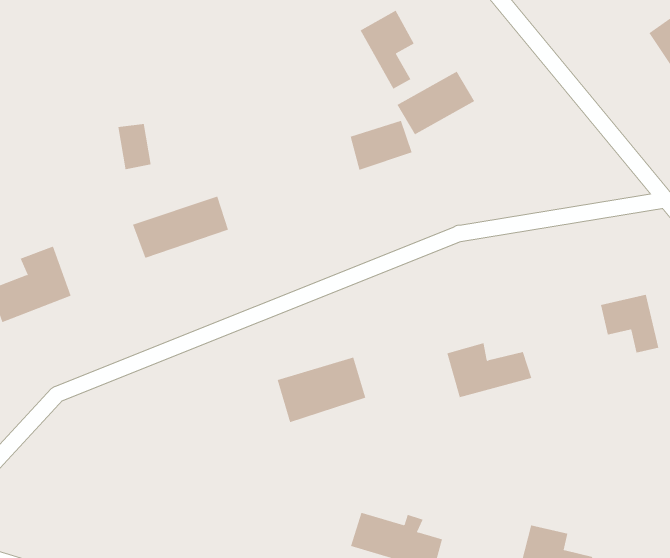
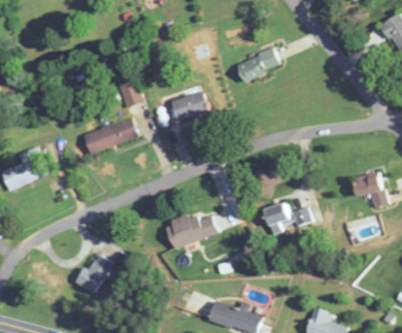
building: [360,10,415,90] -> none
building: [350,120,412,170] -> [171,91,207,120]
building: [118,123,151,170] -> [120,79,139,106]
building: none -> [75,253,114,294]

